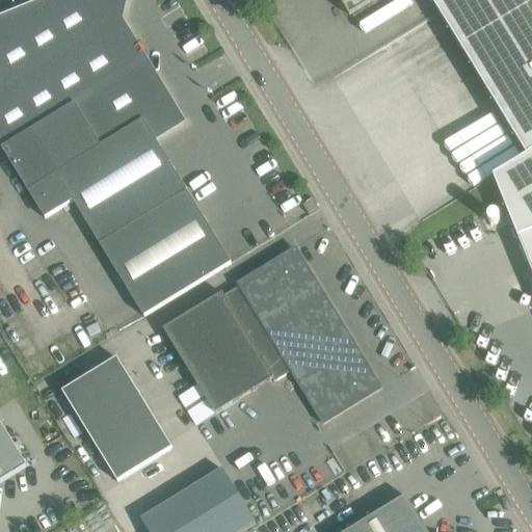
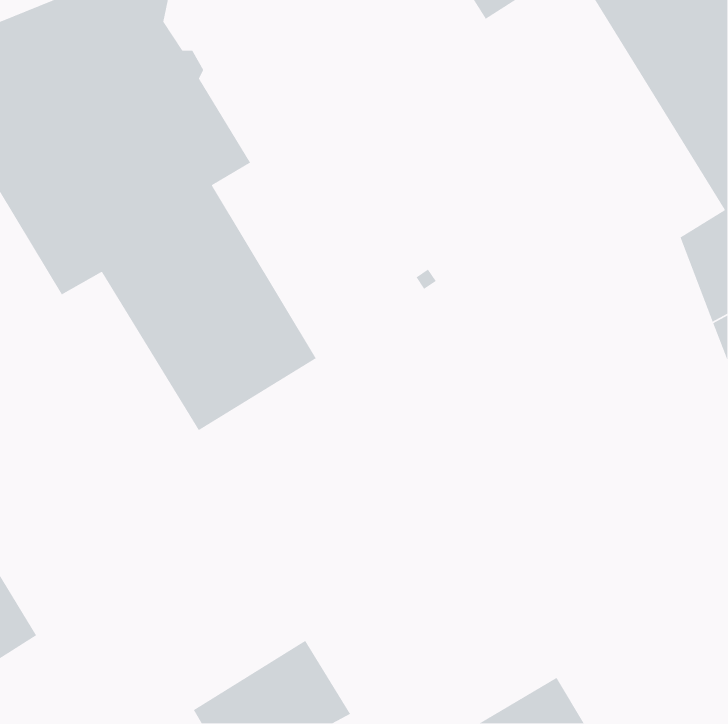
building: [163,245,381,423] -> none
building: [63,355,170,477] -> none

